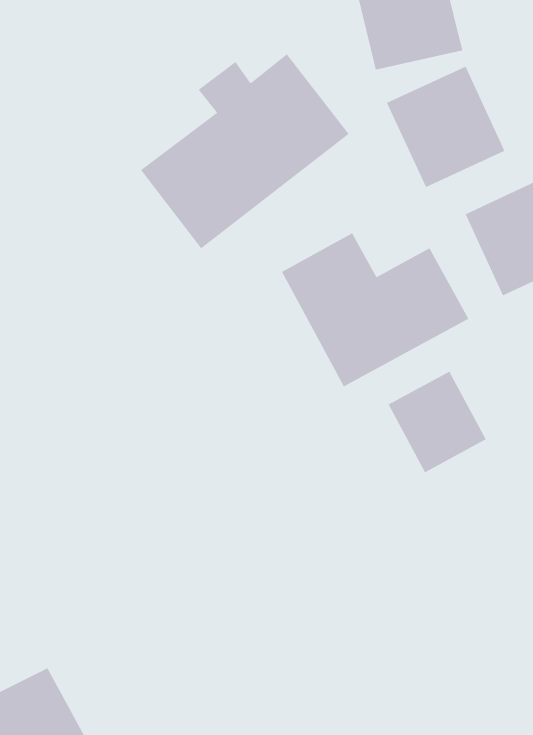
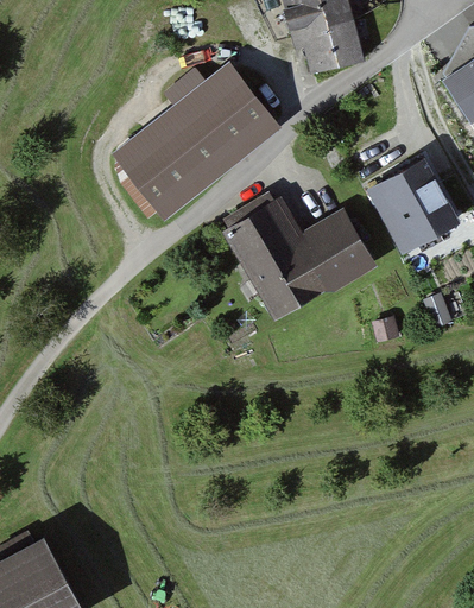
building: [386,66,505,188] -> none
building: [388,371,487,473] -> none

